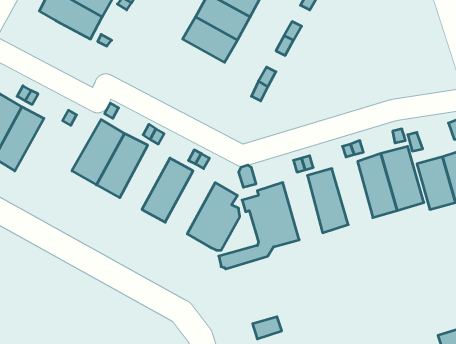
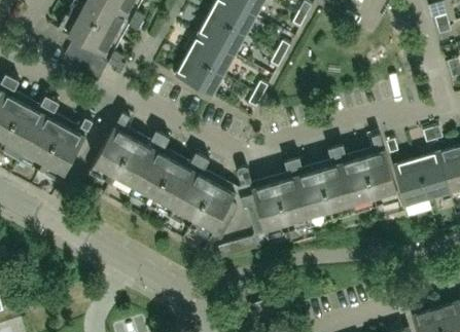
building: none -> [65,37,105,80]
building: none -> [175,53,223,95]
building: none -> [38,123,84,181]
building: none -> [131,147,175,204]
building: none -> [318,161,354,217]
building: none -> [171,170,215,225]
building: none -> [275,174,310,230]

